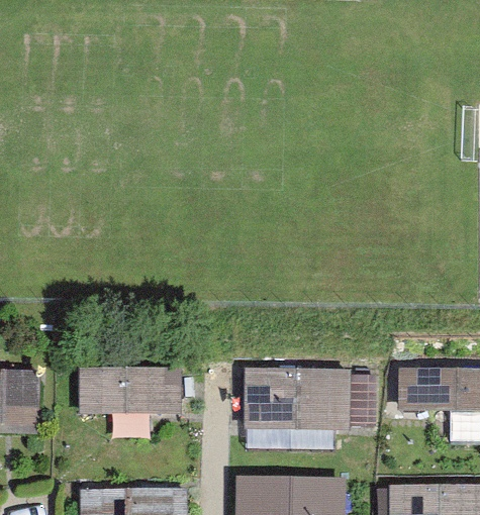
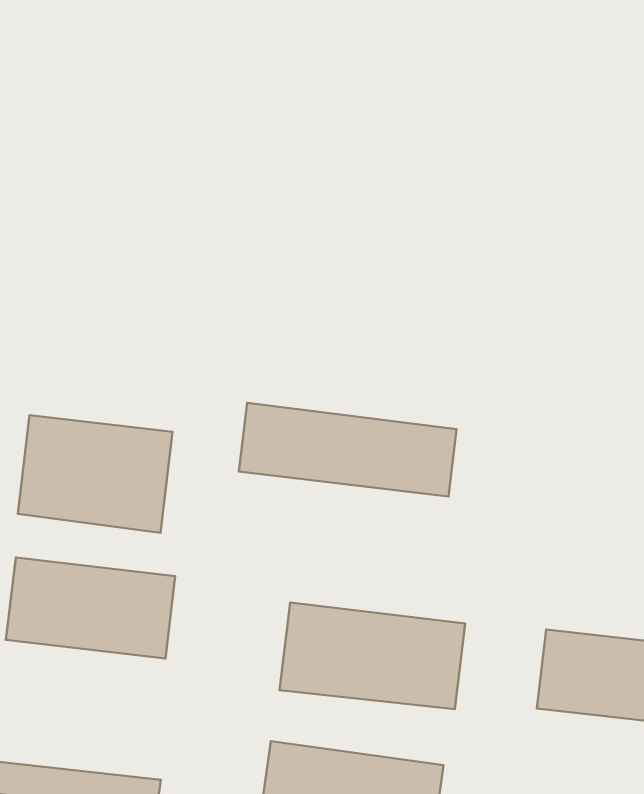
building: none -> [239,403,457,497]
building: none -> [18,415,172,533]

